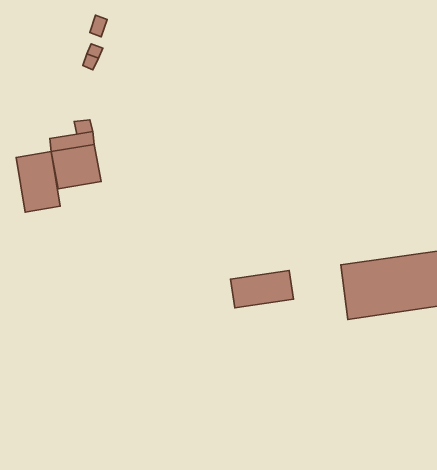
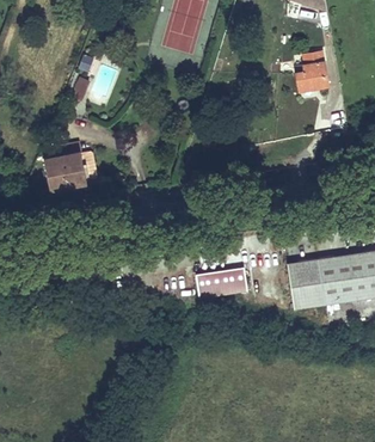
building: none -> [294,50,328,92]
building: [16,152,60,212] -> none

